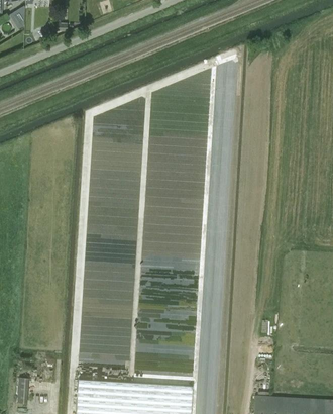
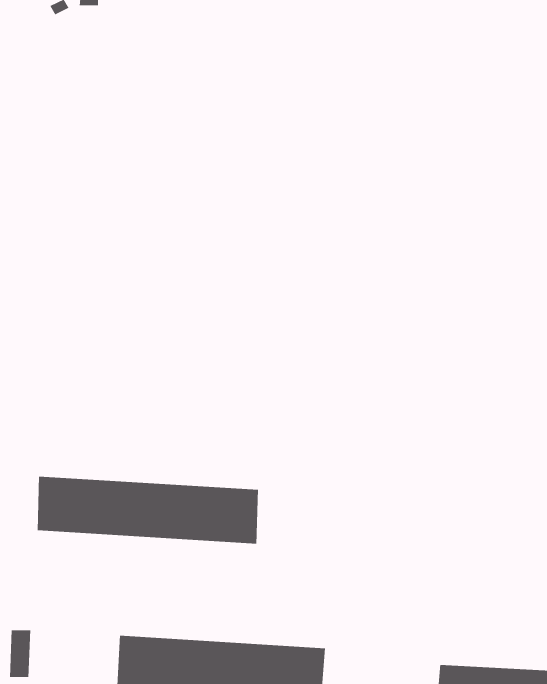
building: none -> [37,476,258,544]

